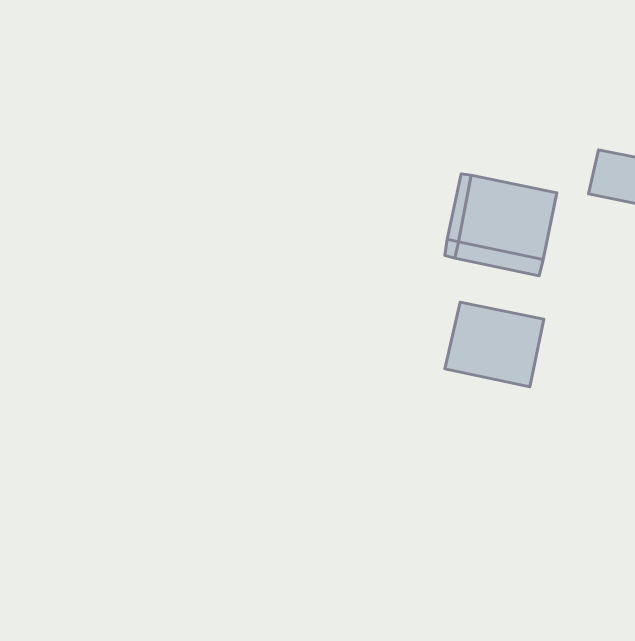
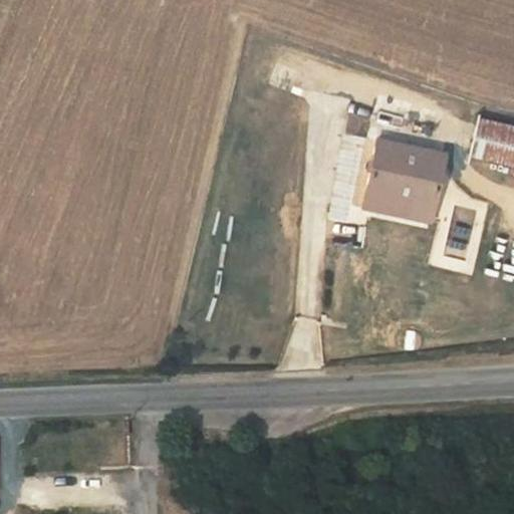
building: [445,302,544,387] -> none

